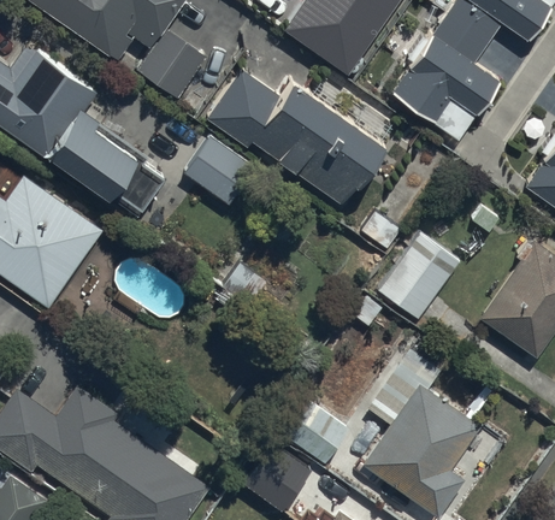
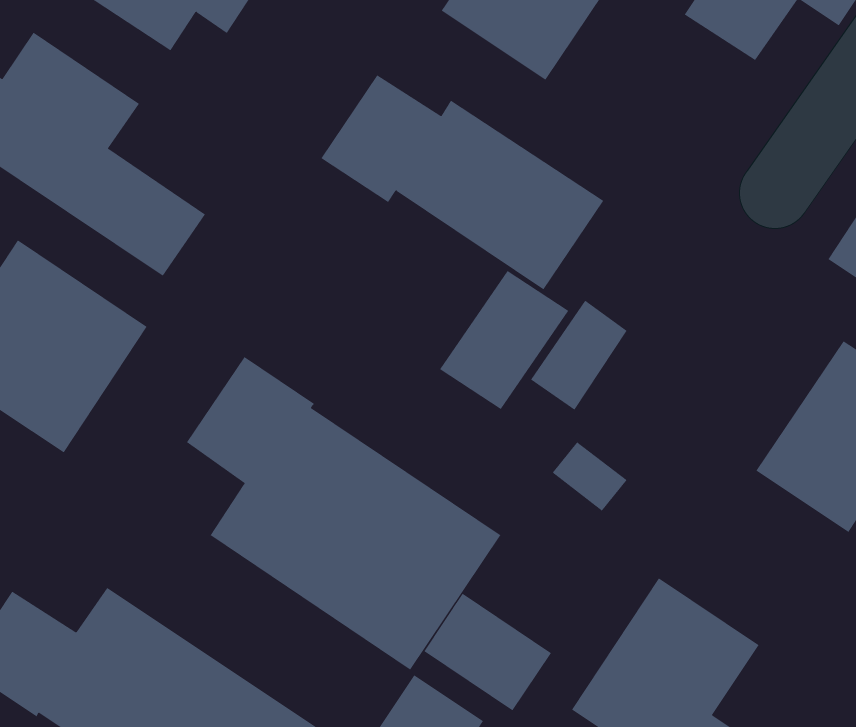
building: [140,30,206,96] -> none
building: [390,34,501,142] -> none
building: [182,135,252,201] -> none
building: [382,234,462,320] -> [439,270,569,410]
building: none -> [186,356,501,671]

